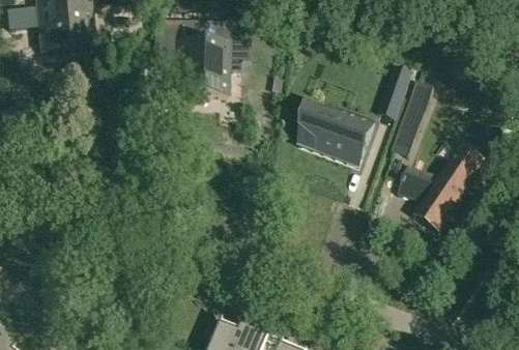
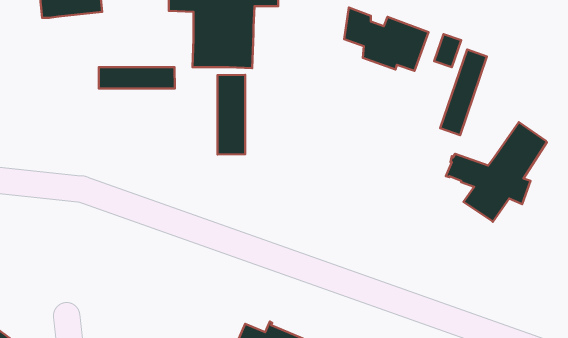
building: none -> [99,67,175,89]
building: [298,98,373,154] -> [344,7,429,71]
building: none -> [218,75,245,154]

